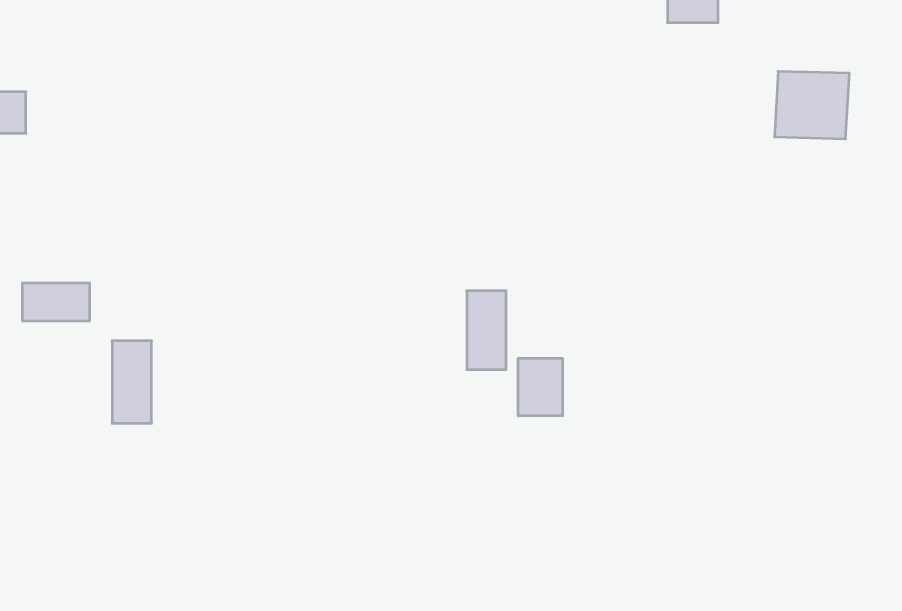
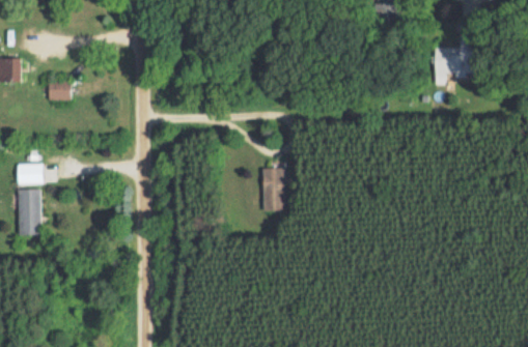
building: none -> [47,81,70,100]
building: [112,341,152,423] -> [18,189,39,234]
building: [518,358,562,416] -> none

